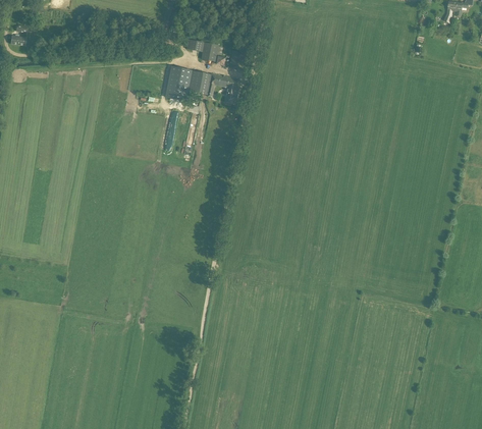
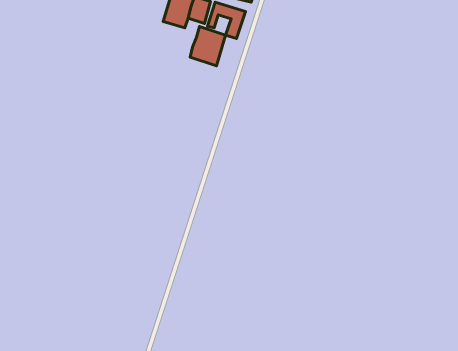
building: none -> [190,26,226,66]

